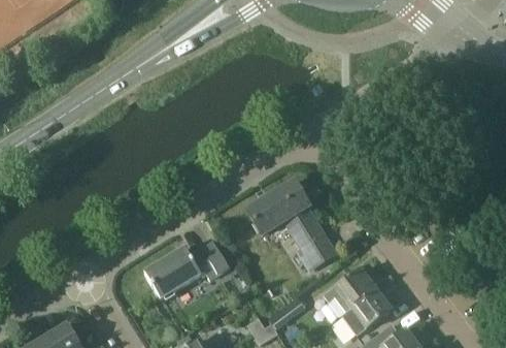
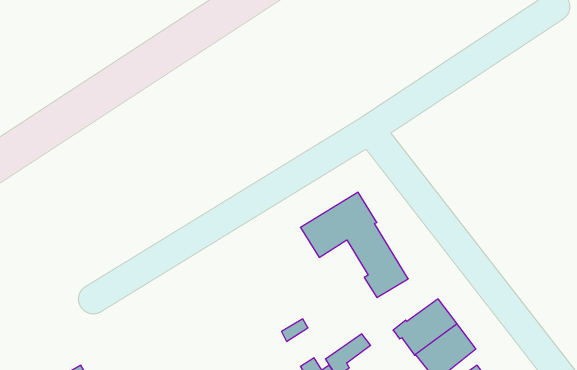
building: [143,242,229,298] -> none

